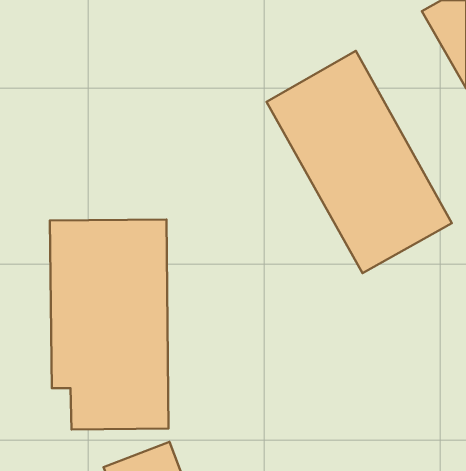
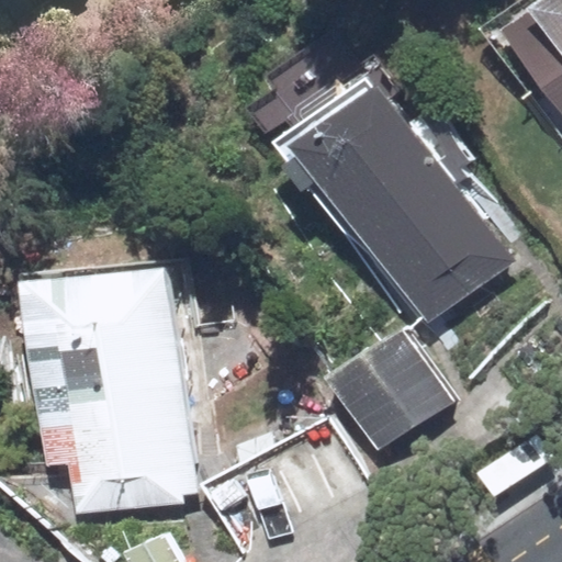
building: none -> [336,330,462,457]

